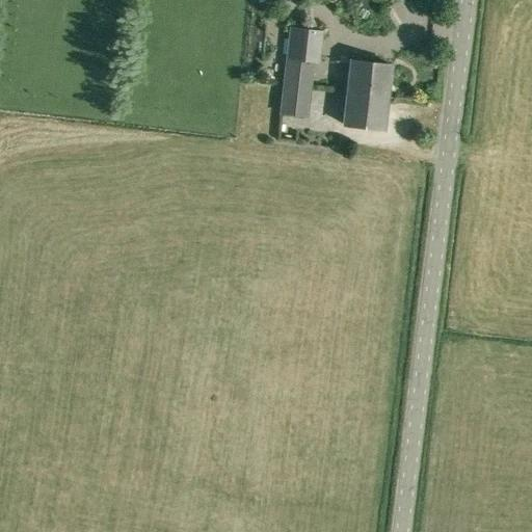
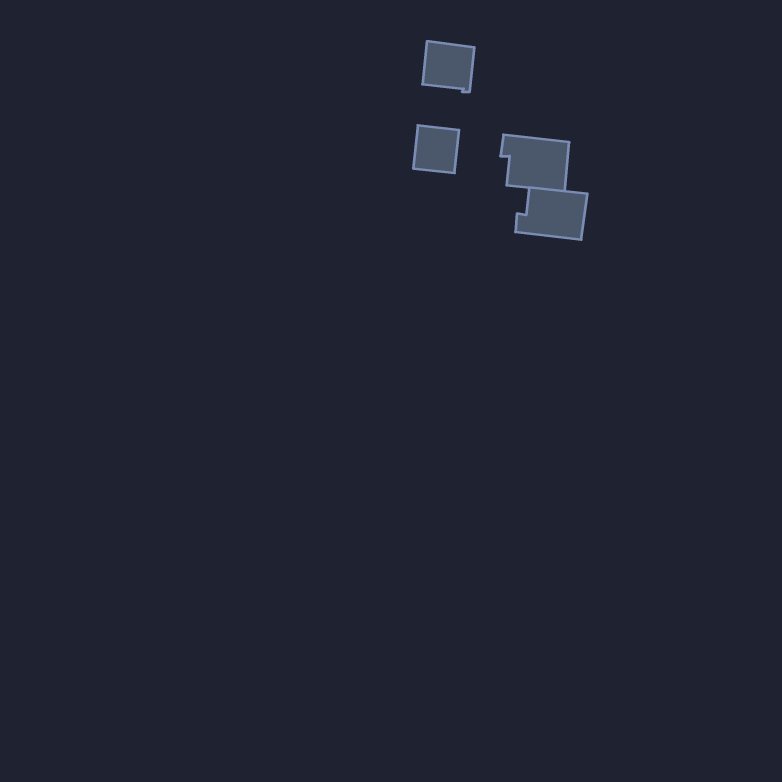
building: [284,57,315,88] -> none
building: [342,61,391,97] -> [515,188,587,240]

